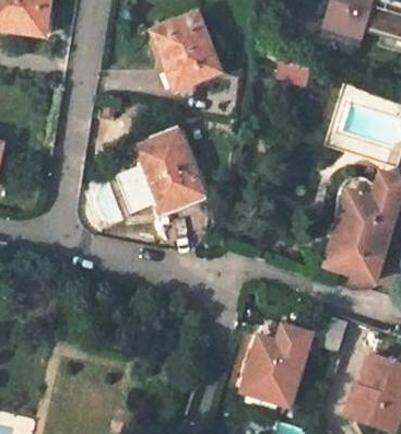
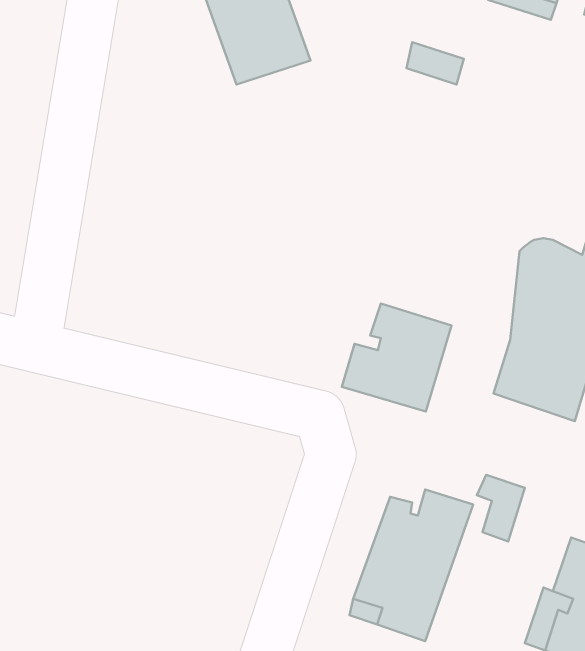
building: [105,130,205,215] -> none
building: none -> [342,303,451,411]

